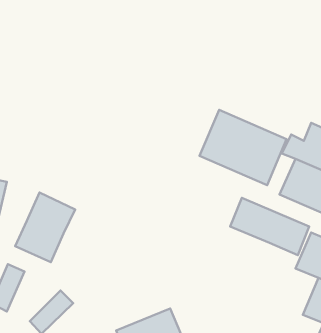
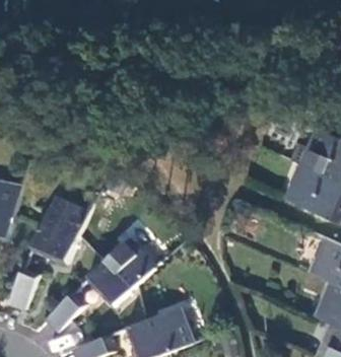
building: [200,110,287,185] -> none
building: [230,198,309,255] -> none
building: none -> [87,237,155,305]

